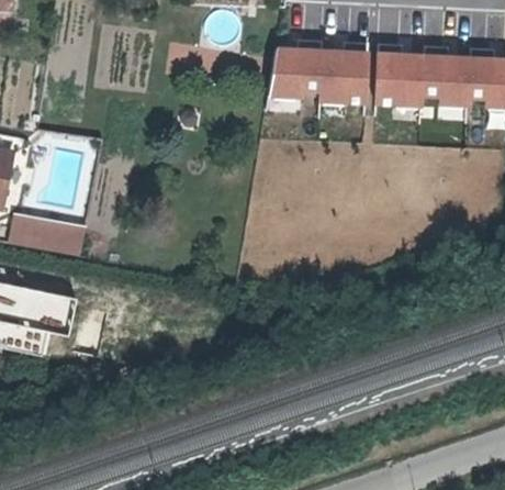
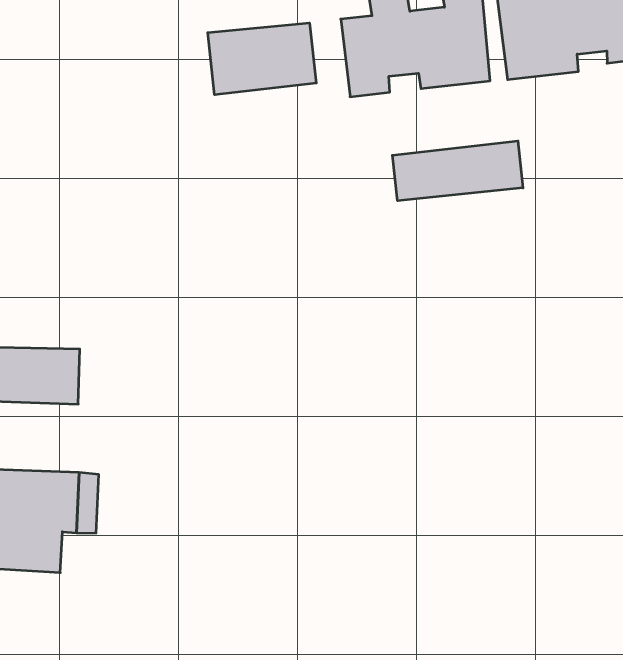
building: none -> [208,23,316,95]
building: none -> [392,141,523,201]

